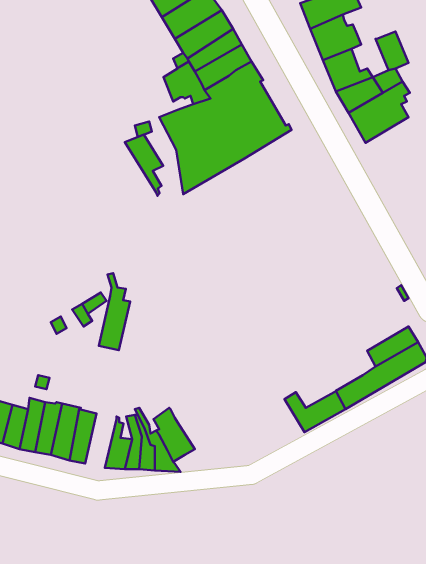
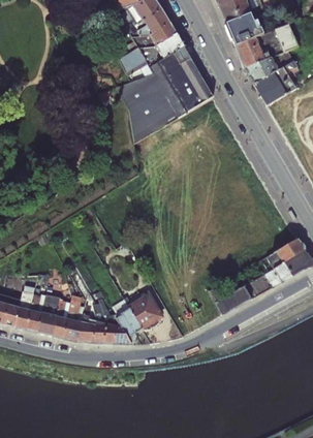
building: [125,135,163,196] -> none
building: [99,273,130,350] -> [62,285,85,341]
building: none -> [127,291,162,330]

